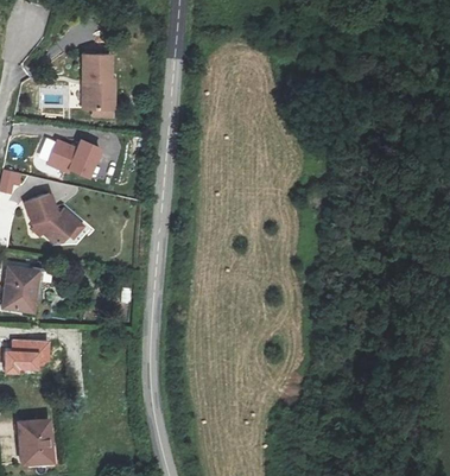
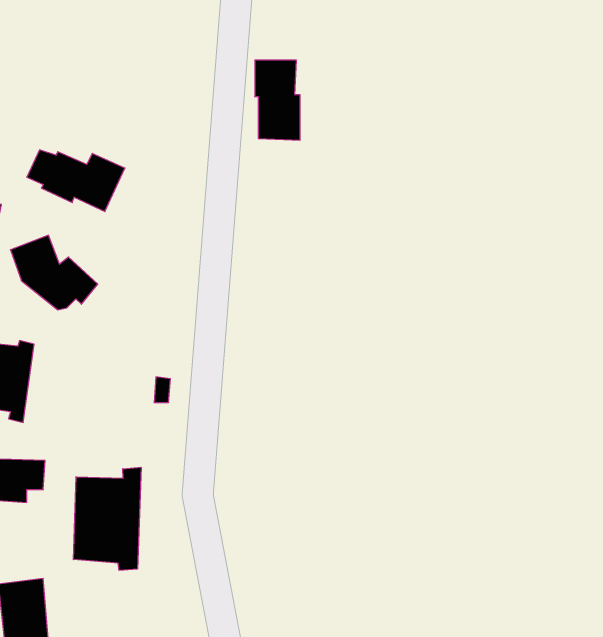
building: [91,53,121,106] -> [255,60,300,140]
building: none -> [73,467,141,570]

